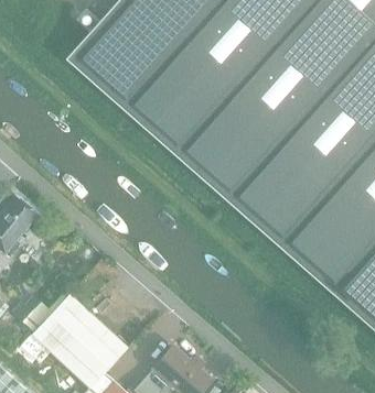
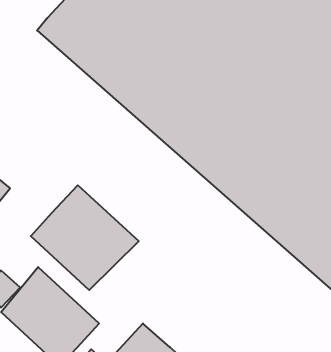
building: none -> [31,185,139,290]

